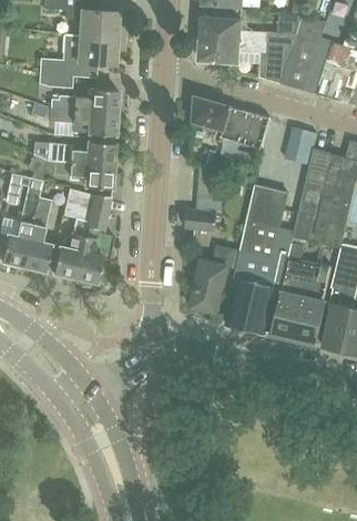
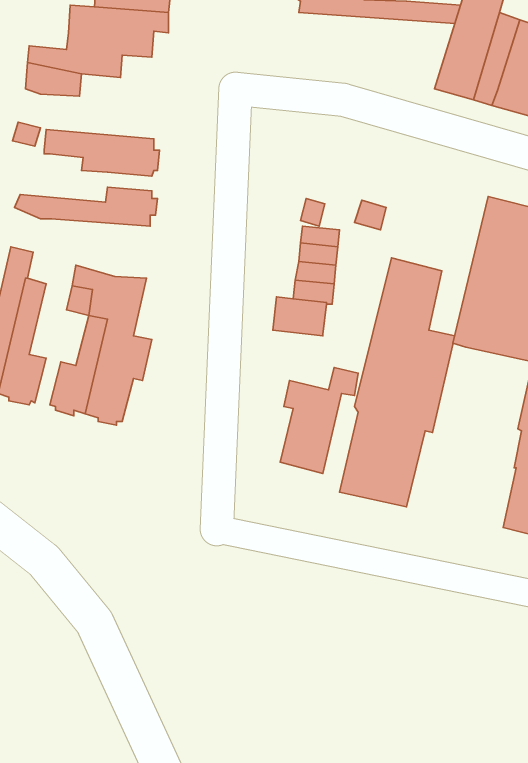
building: [196,37,294,83] -> none
building: [50,89,120,113] -> none
building: [193,95,271,147] -> none
building: [284,127,316,167] -> none
building: [52,161,114,187] -> none
building: [271,235,329,344] -> none

